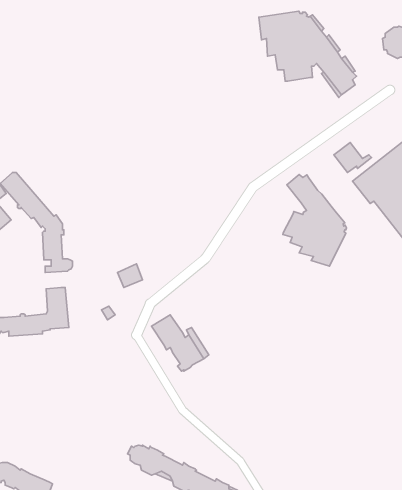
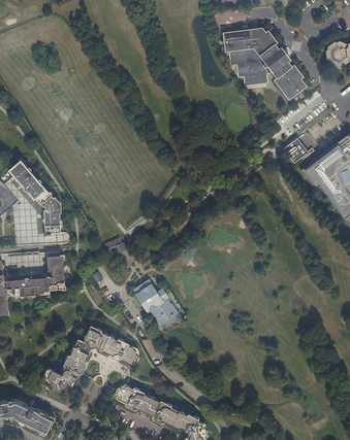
building: [283,175,347,266] -> none
building: none -> [40,325,138,392]

